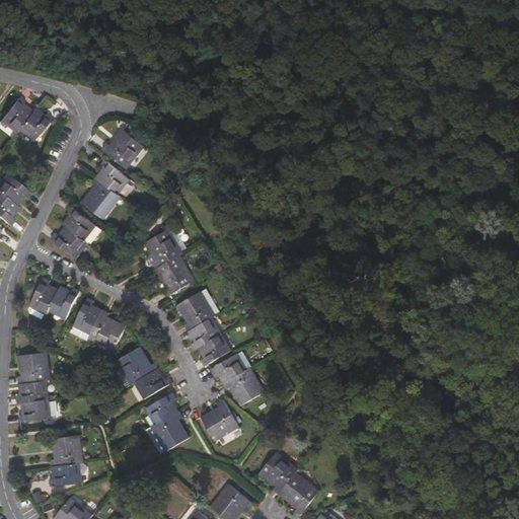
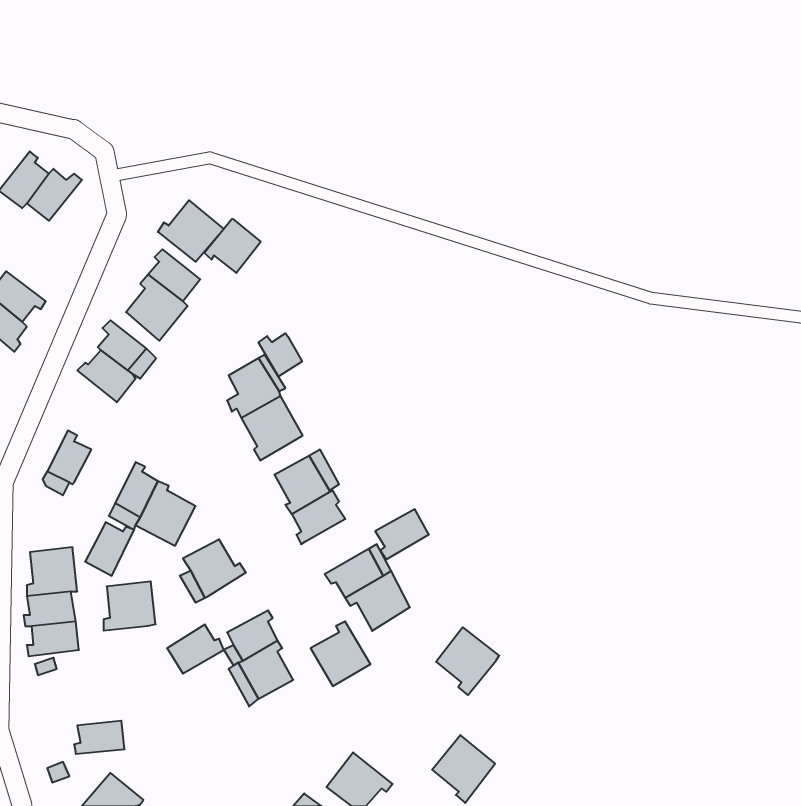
building: none -> [204,219,261,273]
building: none -> [259,333,302,377]
building: [48,285,79,319] -> [85,522,134,576]
building: [197,333,231,366] -> [375,509,429,560]
building: [134,368,170,399] -> [167,625,224,674]
building: [50,435,83,466] -> [104,582,156,631]
building: [257,451,298,495] -> [436,627,499,695]

